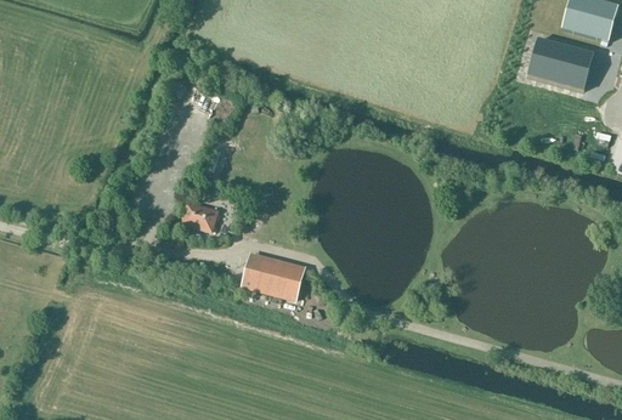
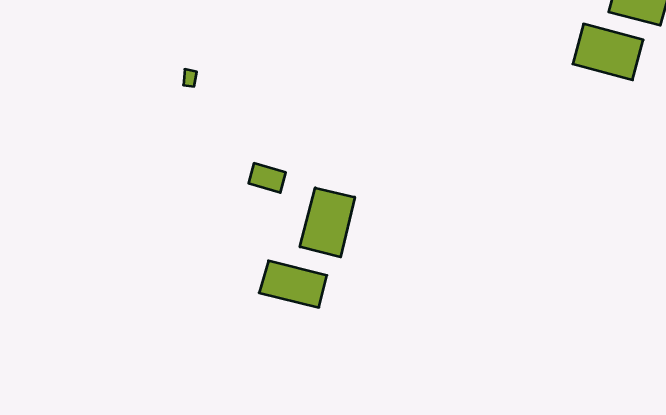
building: none -> [300,188,355,257]
building: [182,203,216,229] -> [249,163,286,193]

